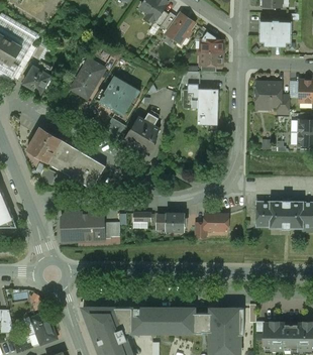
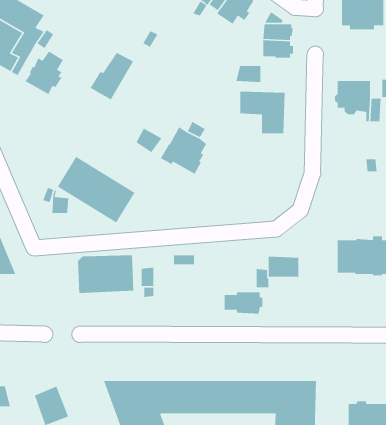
building: [98,78,139,115] -> none
building: [26,127,61,162] -> none
building: [156,214,186,231] -> [224,292,263,315]

